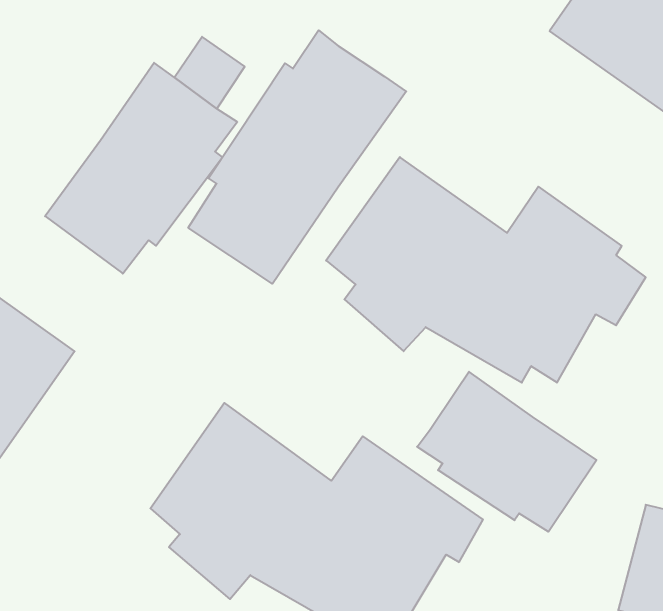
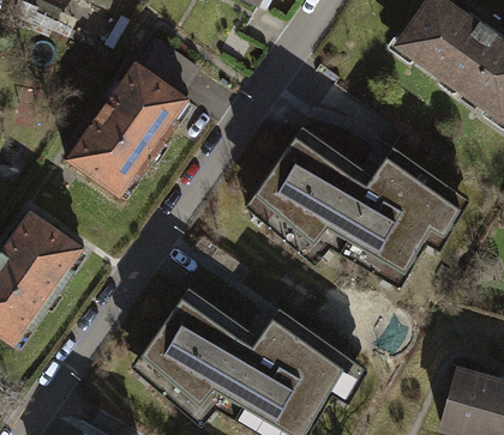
building: [188,30,406,284] -> none
building: [417,372,596,532] -> none

